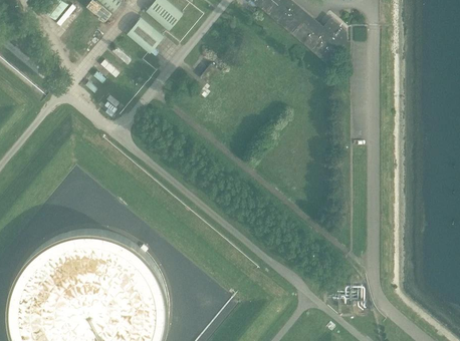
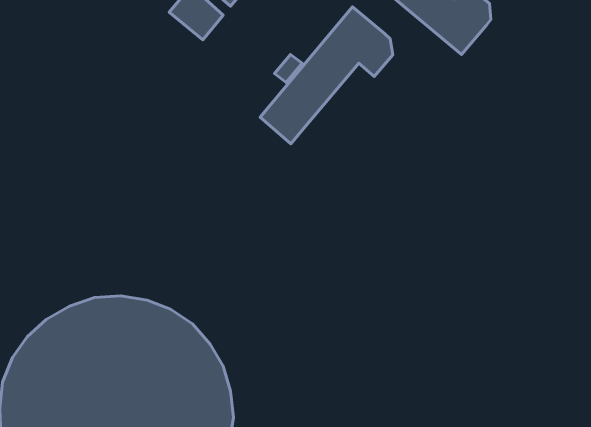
building: none -> [260,7,393,144]

